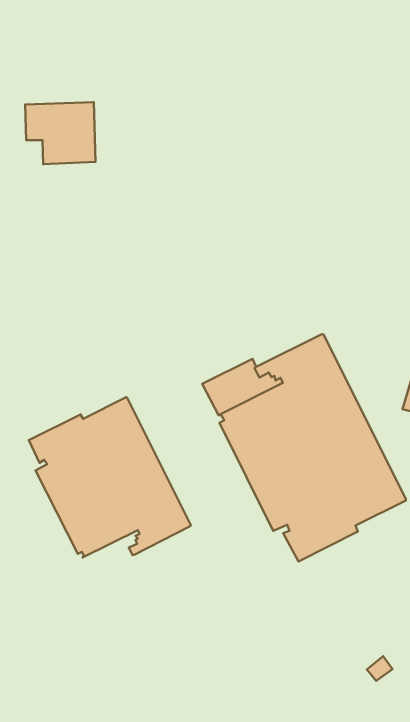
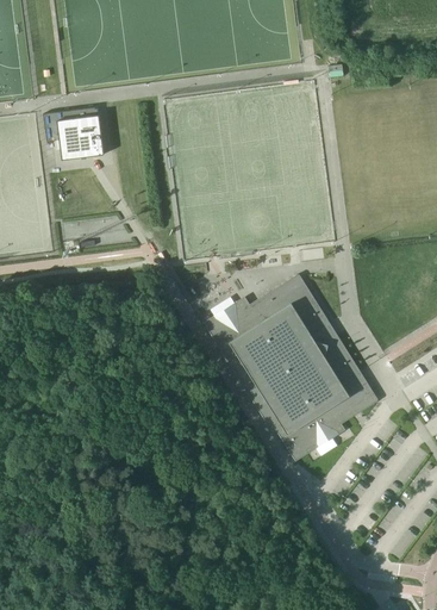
building: [29,397,191,558] -> none

